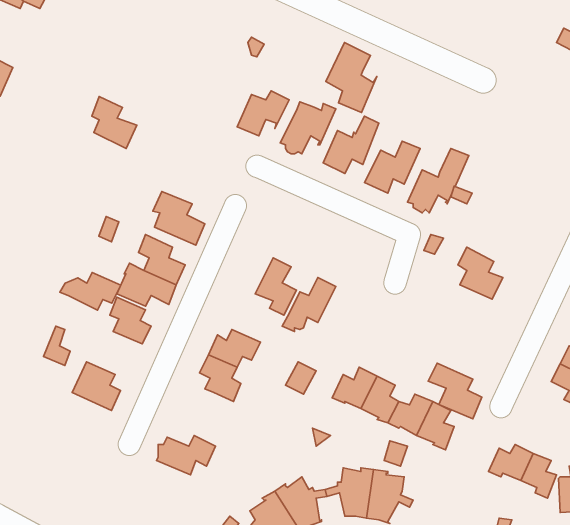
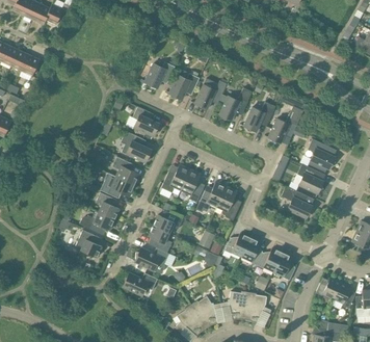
building: [326,43,377,113] -> none
building: none -> [144,61,175,88]
building: [92,97,137,149] -> [133,106,159,136]
building: none -> [308,138,335,173]
building: none -> [162,164,190,195]
building: [60,273,121,310] -> [79,212,114,234]
building: none -> [216,186,240,220]
building: [428,363,482,419] -> [281,186,312,218]
building: none -> [134,247,169,273]

